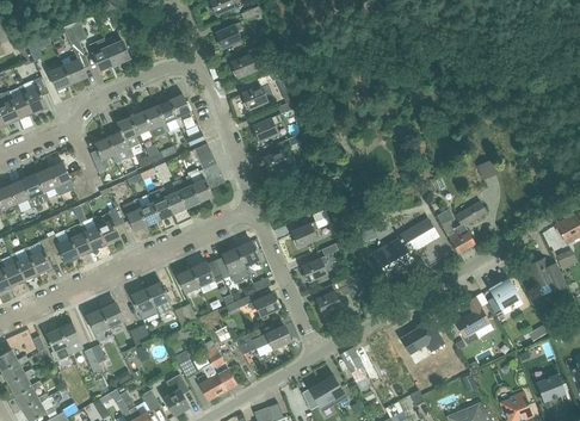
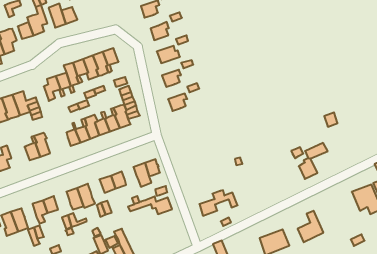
building: [97,208,123,244] -> none
building: [291,210,331,247] -> none
building: [374,219,438,277] -> none
building: [47,229,79,264] -> none
building: [302,243,339,283] -> none
building: [487,280,518,311] -> none
building: [236,326,291,355] -> none

